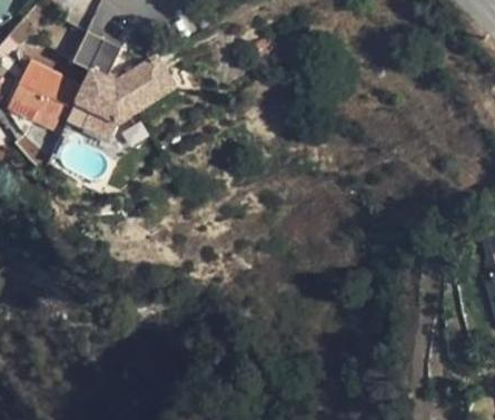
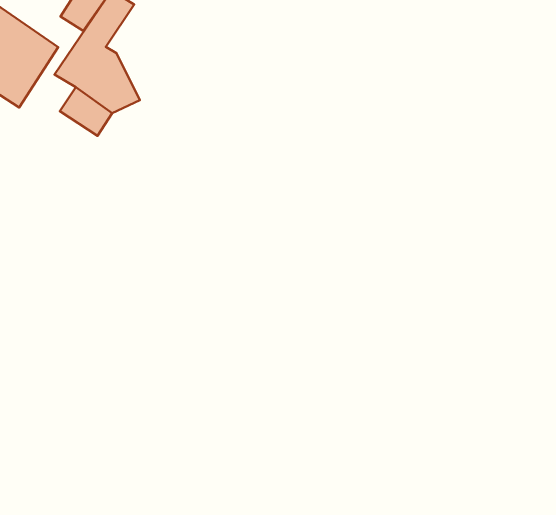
building: [113,57,174,113] -> none

